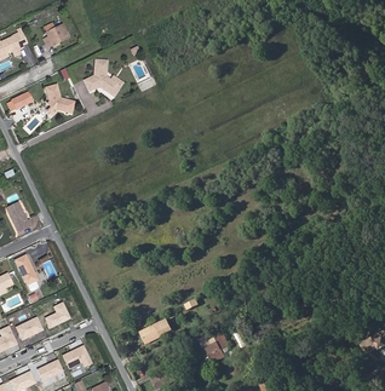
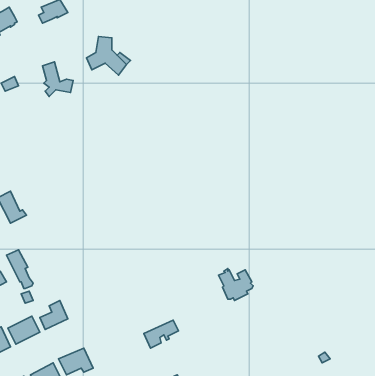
building: [199,333,230,362] -> [218,268,253,300]

